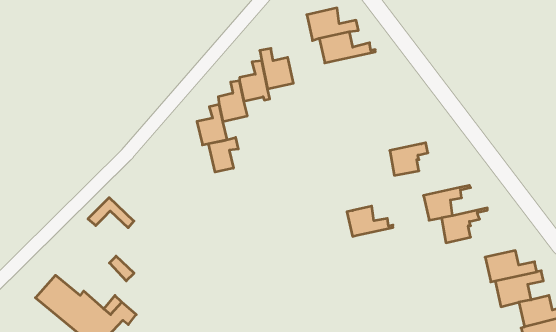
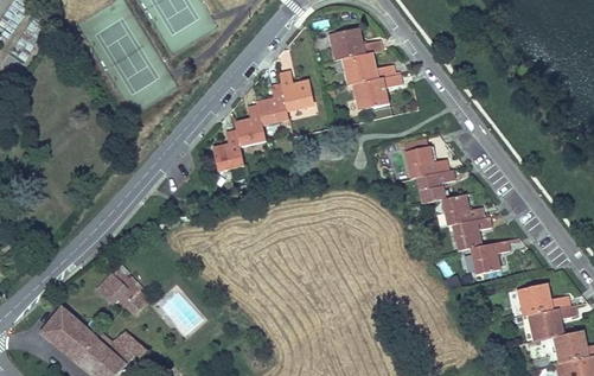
building: none -> [346,72,402,110]
building: none -> [397,136,448,178]
building: [209,137,238,172] -> none
building: [88,198,134,228] -> [102,274,151,306]
building: [347,206,393,236] -> [440,193,488,225]

